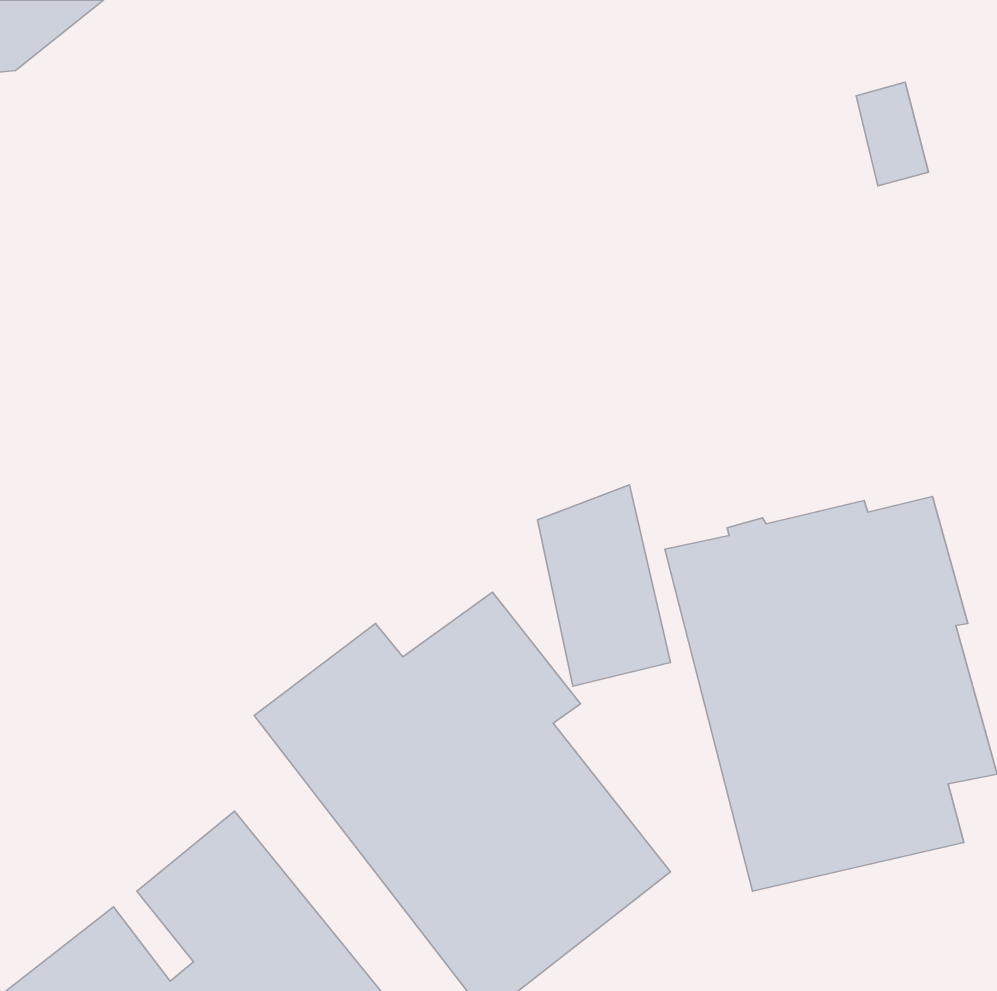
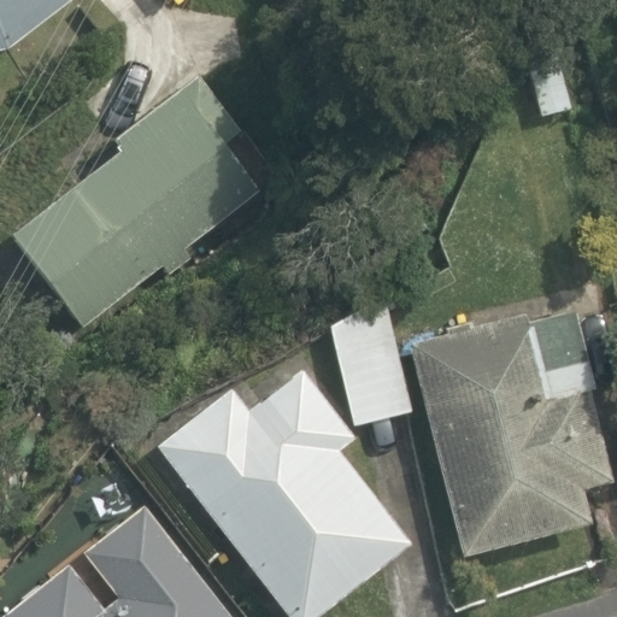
building: none -> [12,76,262,327]

